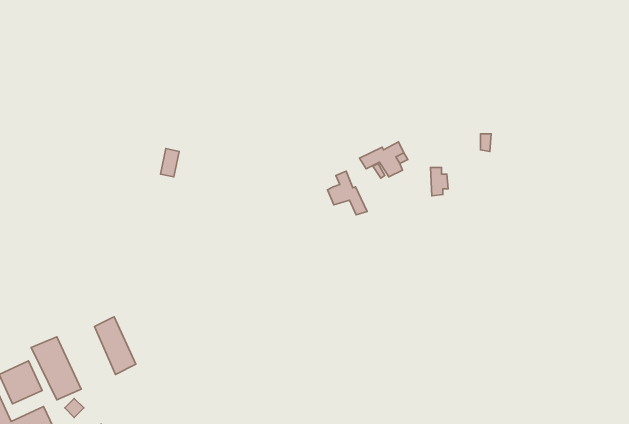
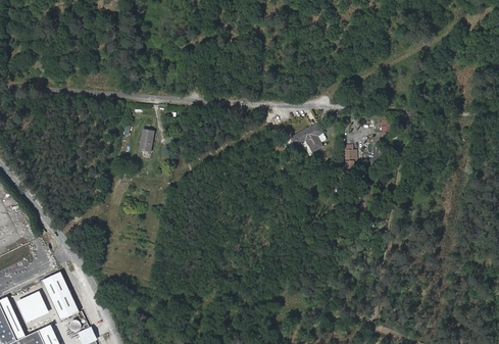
building: [327,171,367,215] -> none
building: [94,317,136,374] -> none

